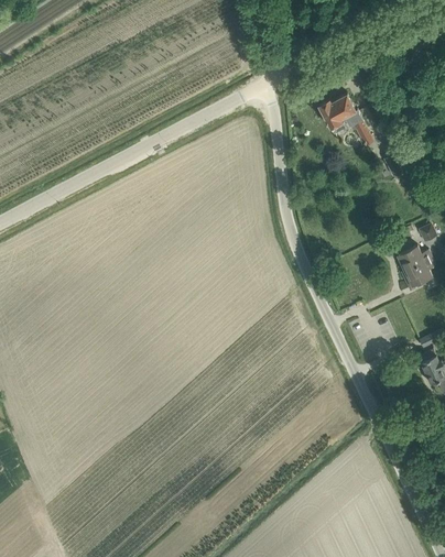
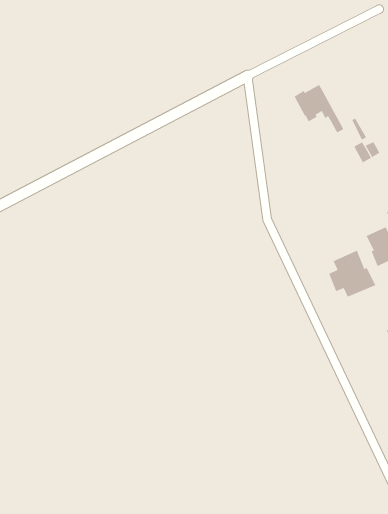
building: none -> [328,250,376,298]

